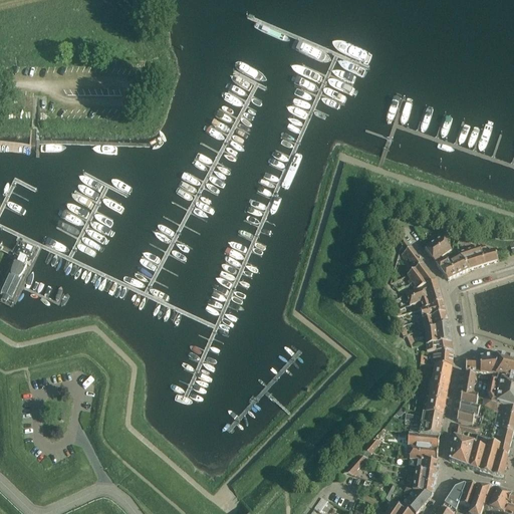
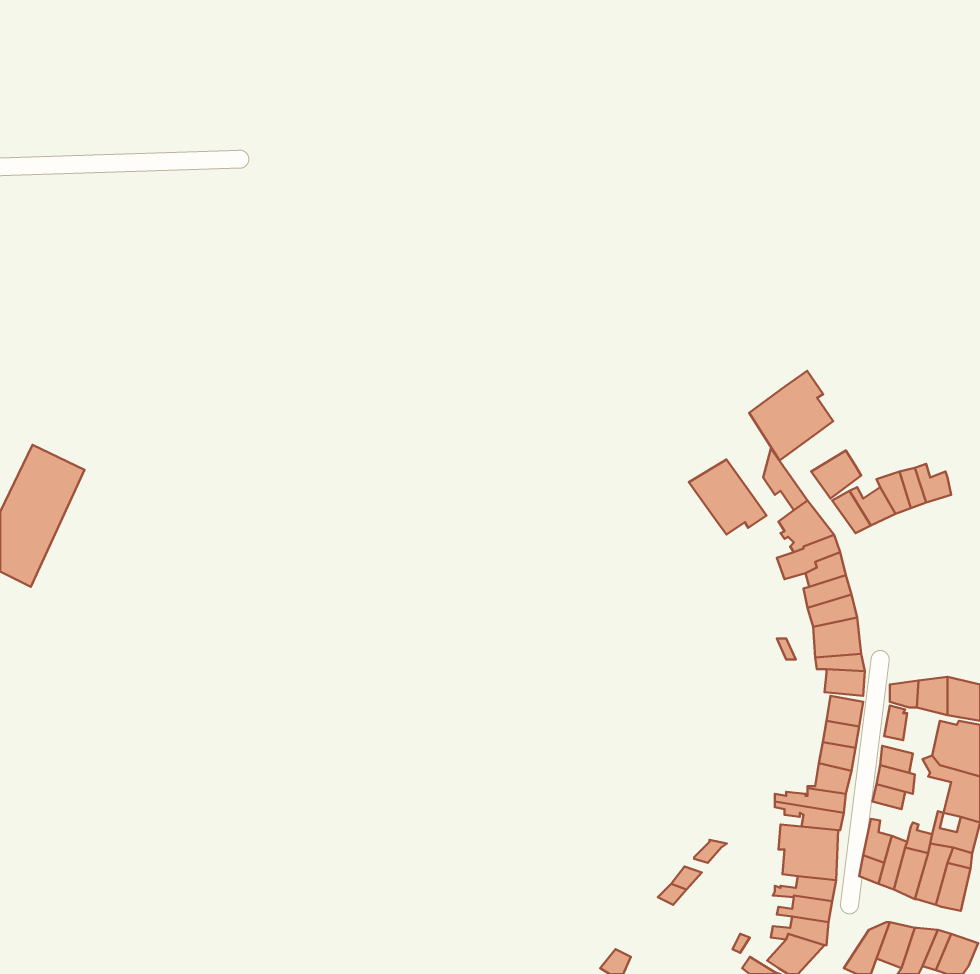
building: none -> [749,371,833,461]
building: none -> [689,460,766,534]

